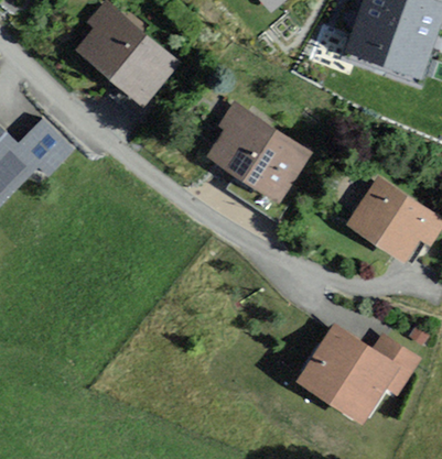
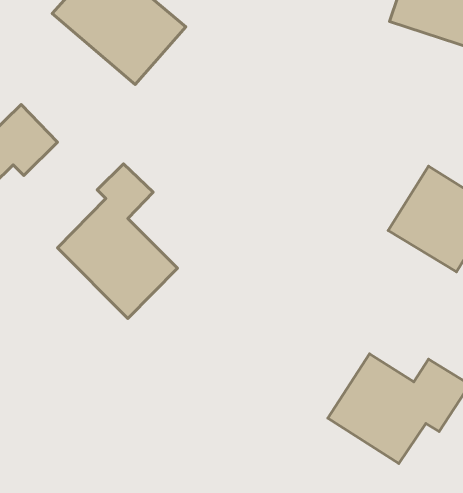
building: [207,101,311,201] -> none
building: none -> [57,164,177,318]

